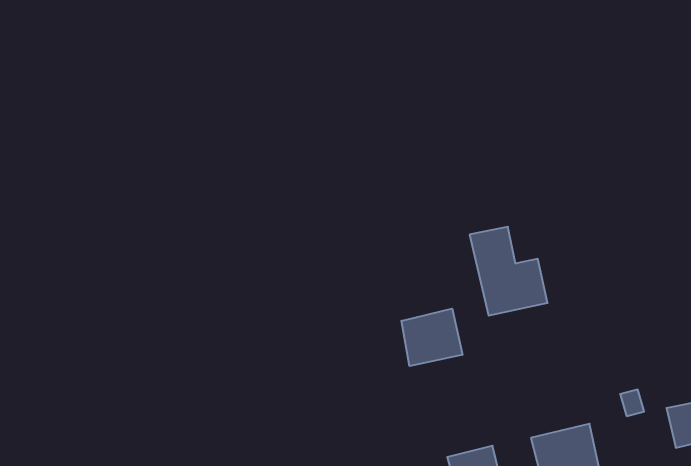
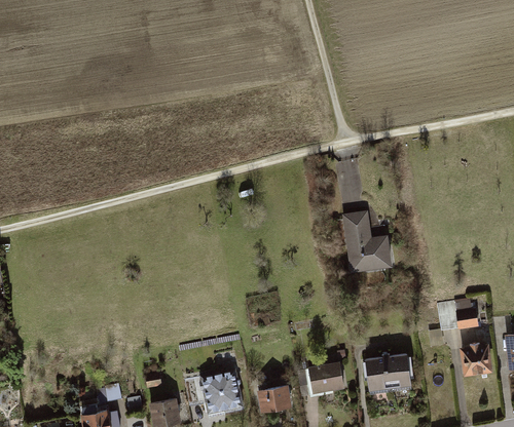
building: [401,309,462,366] -> none
building: none -> [451,301,474,331]

